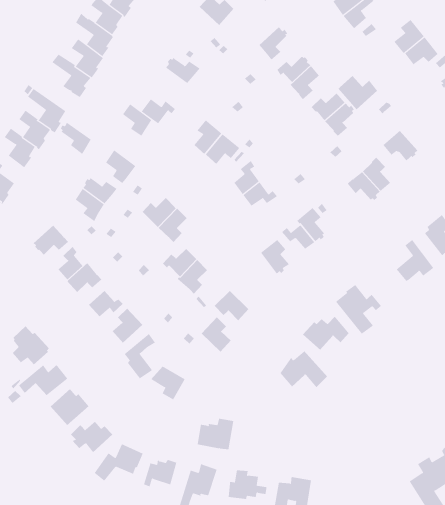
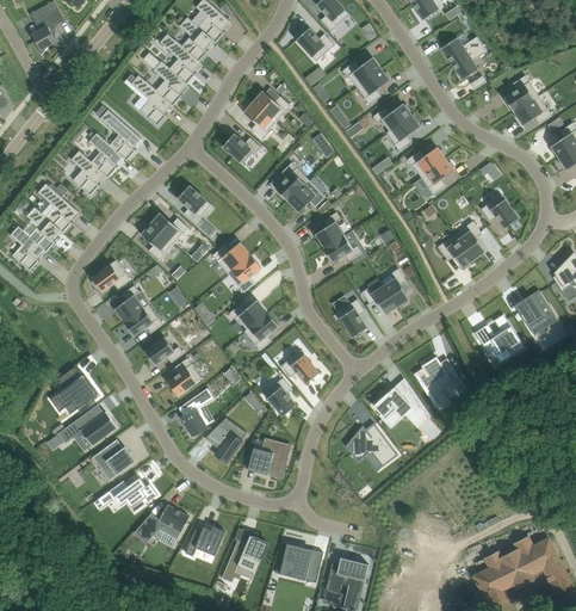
building: none -> [342,57,380,87]
building: [337,75,378,110] -> none
building: [122,104,152,136] -> [243,101,275,138]
building: [60,122,92,155] -> none
building: [197,418,234,450] -> [247,443,290,479]

